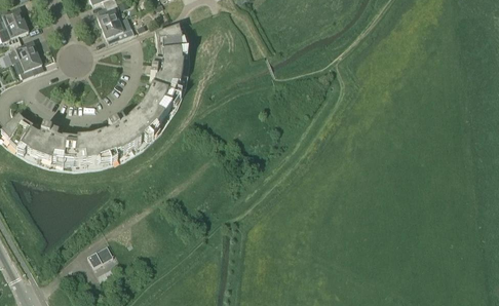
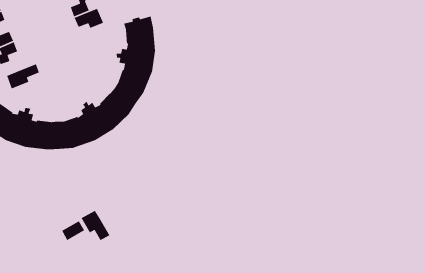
building: none -> [6,63,40,89]
building: none -> [80,210,111,241]

